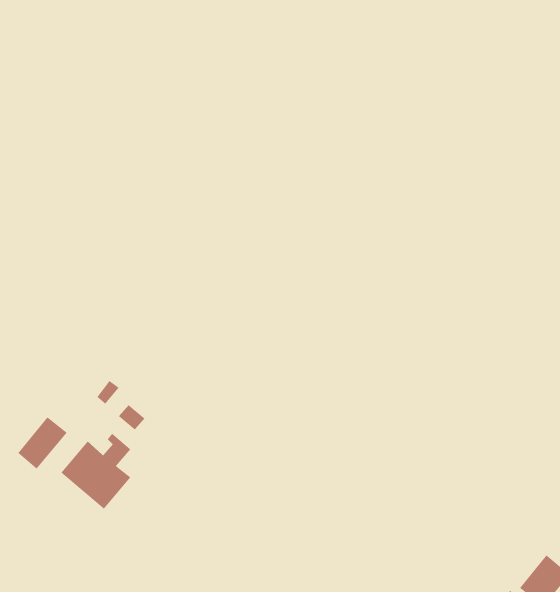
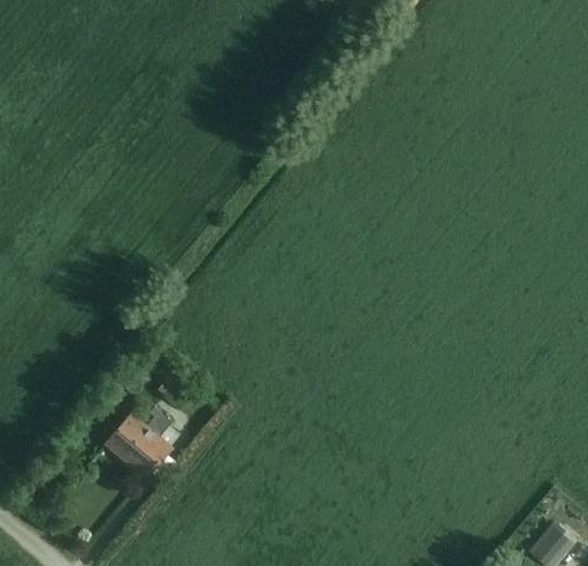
building: [17,417,67,470] -> none

